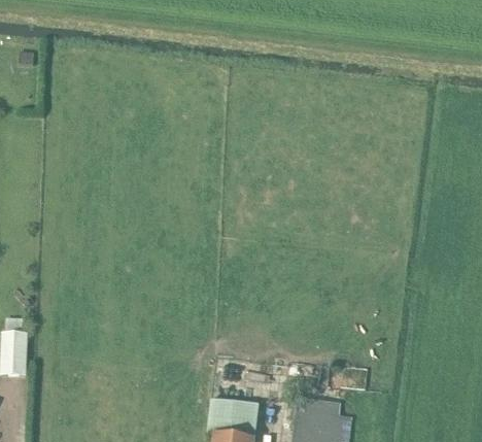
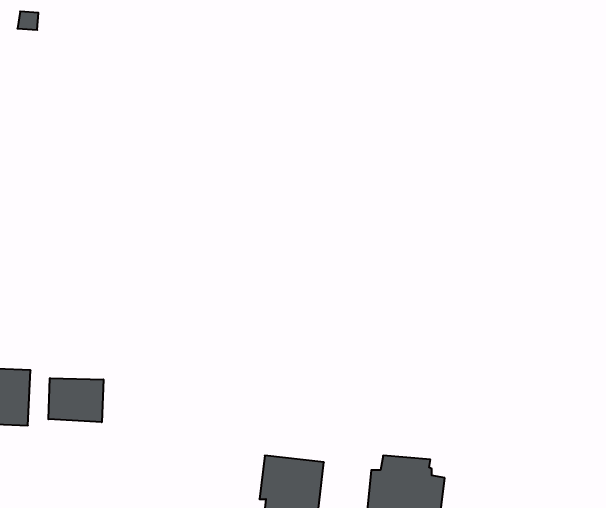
building: none -> [48,378,103,422]

